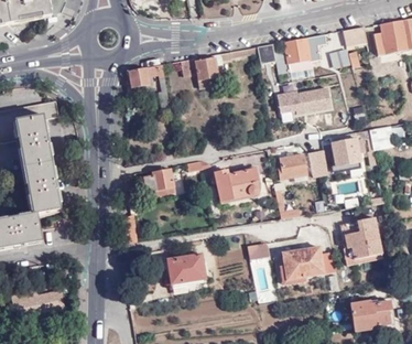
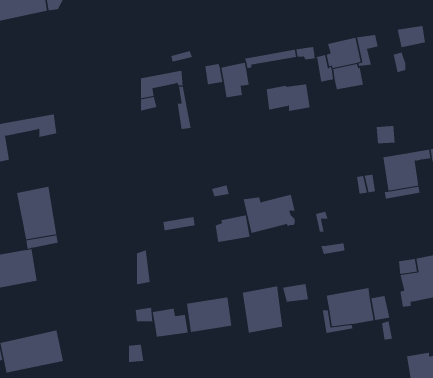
building: [278,89,315,112] -> [266,84,311,111]
building: [15,112,52,165] -> none
building: [278,152,306,178] -> none
building: [144,166,174,190] -> [215,215,250,243]
building: none -> [242,286,283,333]
building: none -> [152,308,188,337]

